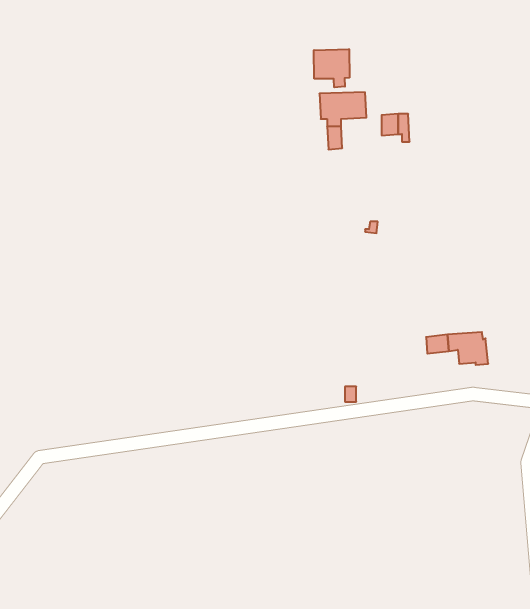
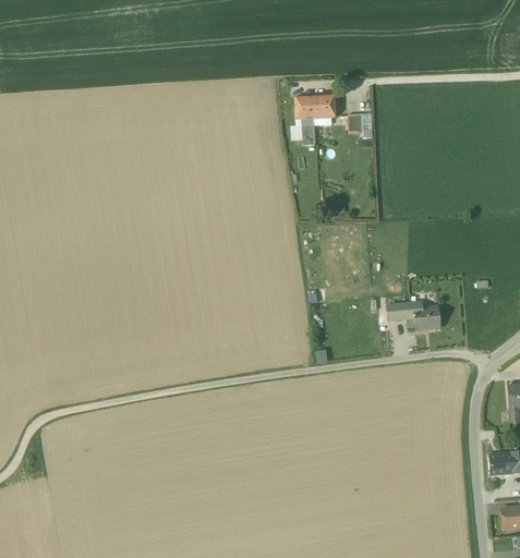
building: [314,49,349,87] -> none

